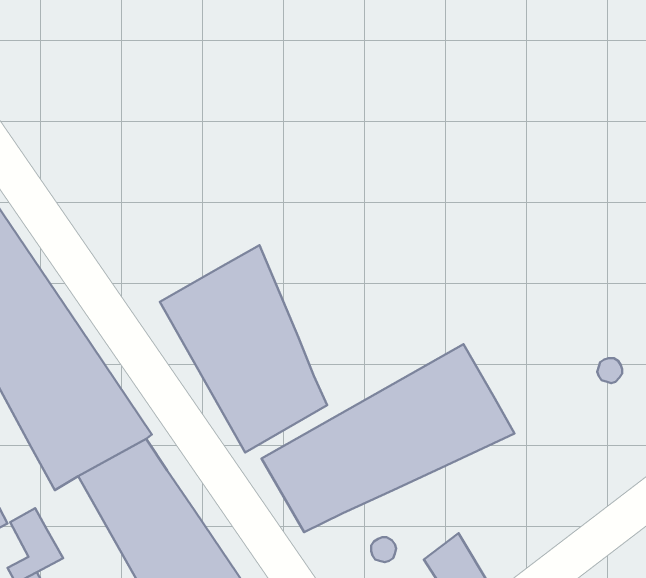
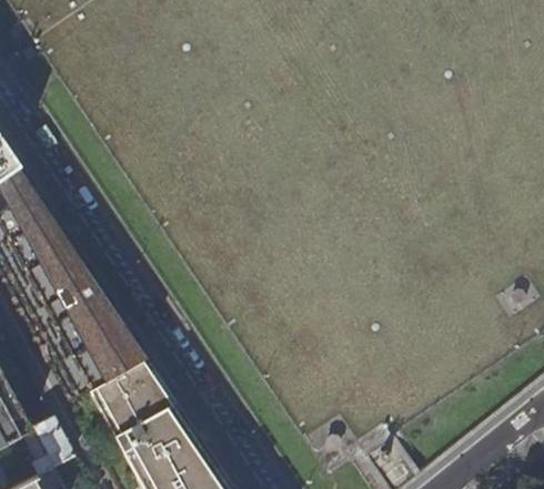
building: [160,245,327,453] -> none
building: [262,344,514,532] -> none

